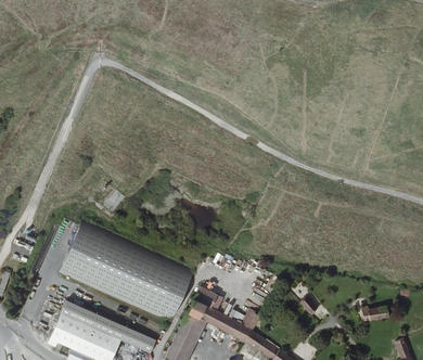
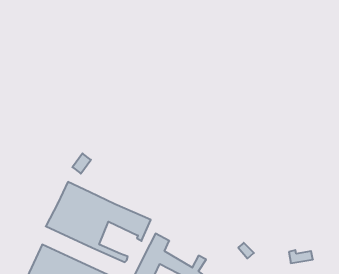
building: [61,218,99,277] -> none
building: [136,271,185,322] -> none

